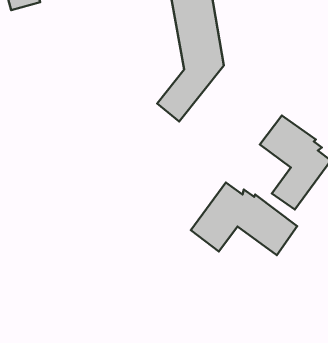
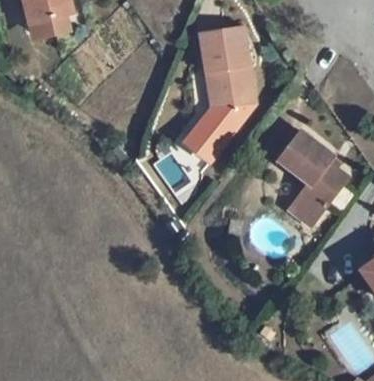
building: [191,182,297,255] -> none

